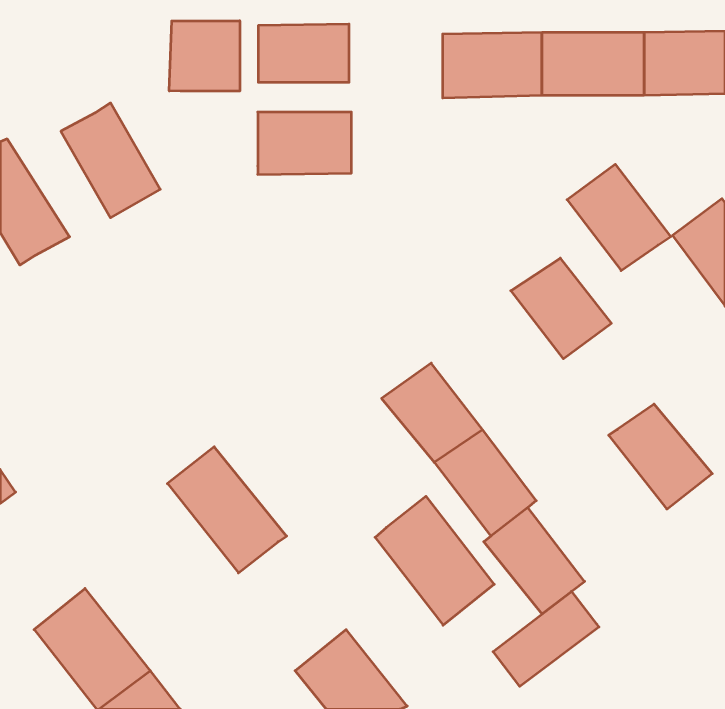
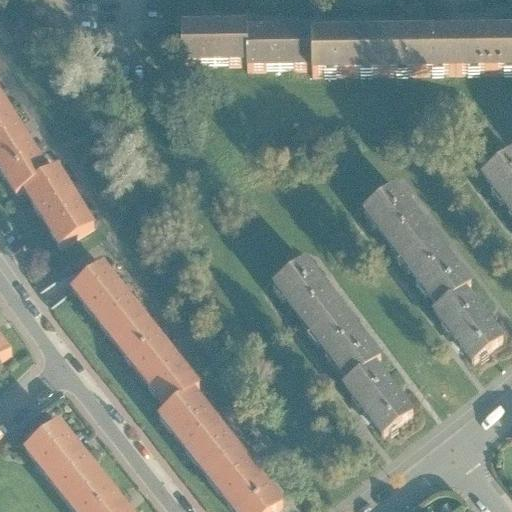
building: [169,21,240,91] -> none
building: [61,103,160,218] -> [25,160,95,241]
building: [258,112,351,174] -> [246,20,312,64]
building: [567,164,671,271] -> [397,228,470,303]
building: none -> [72,256,151,341]
building: [375,496,494,625] -> [160,382,244,473]
building: [493,591,599,686] -> none

